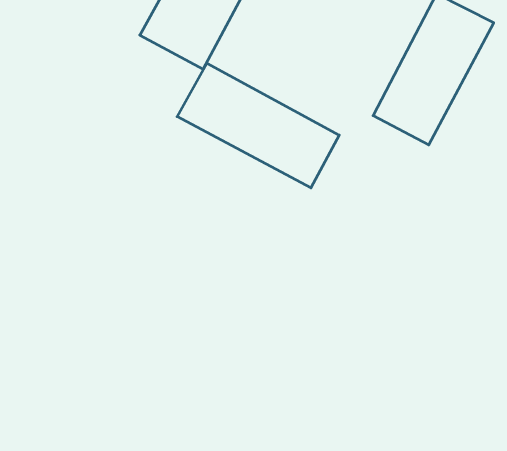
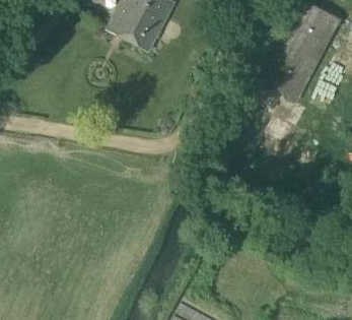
building: [177,63,339,188] -> none

